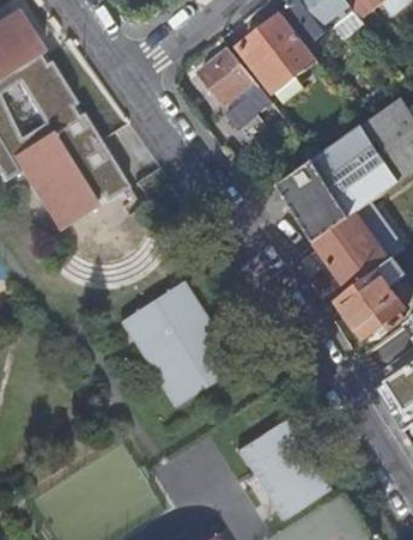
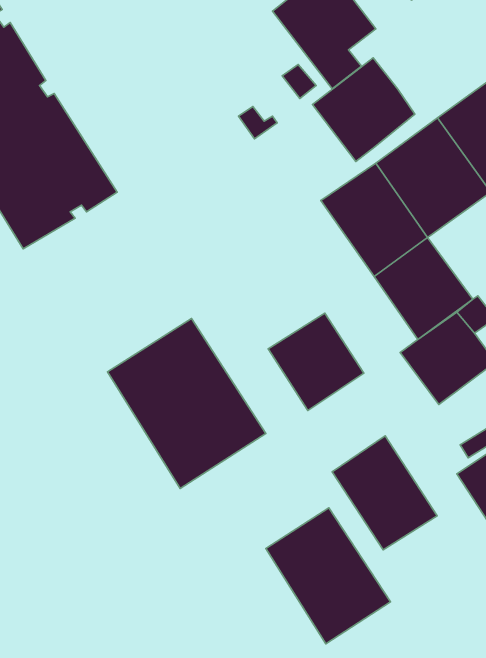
building: [199,47,256,105] -> none
building: none -> [312,58,415,162]
building: none -> [268,313,364,410]
building: none -> [332,436,437,550]

